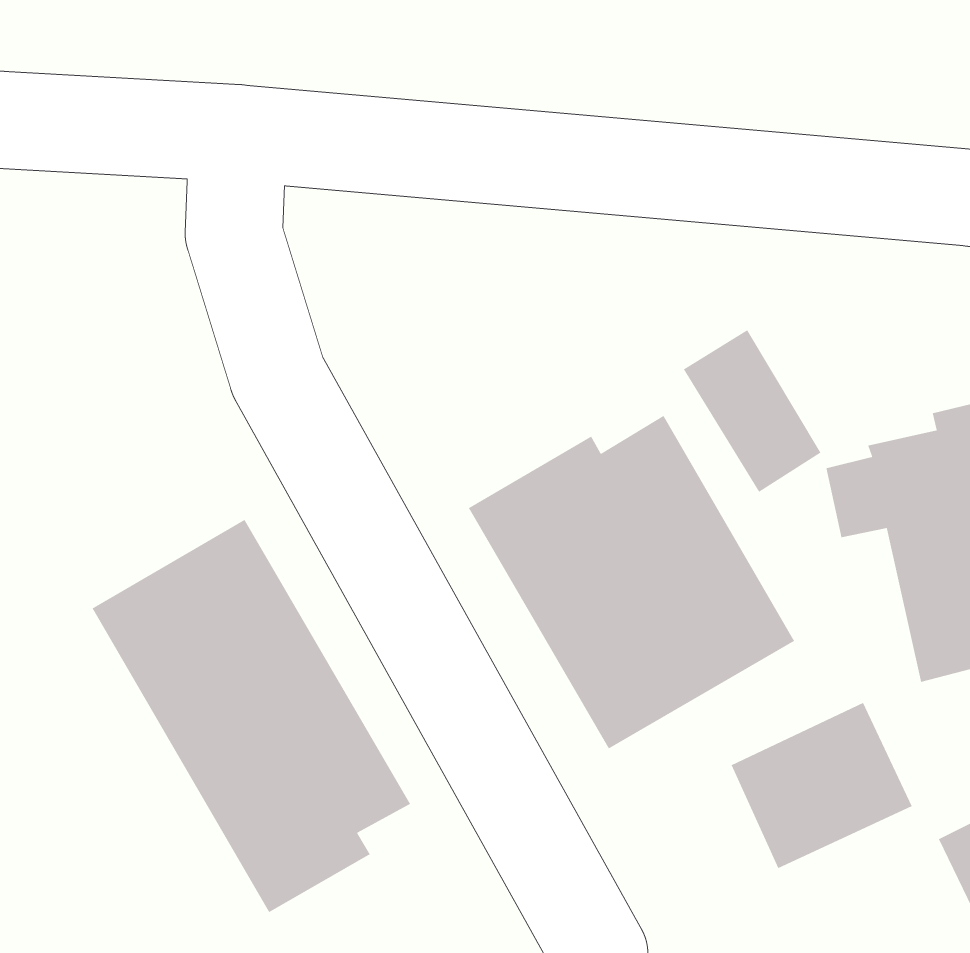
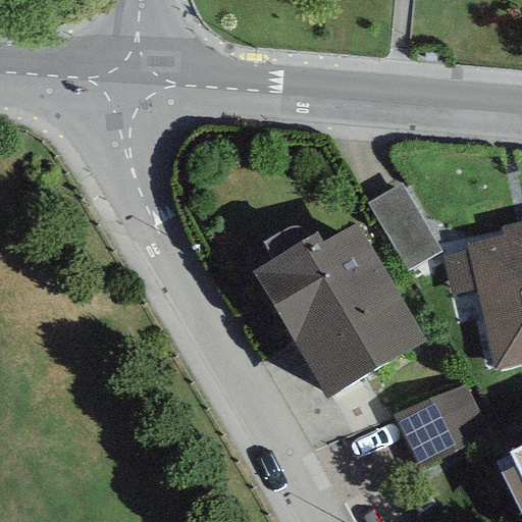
building: [92,519,411,913] -> none

